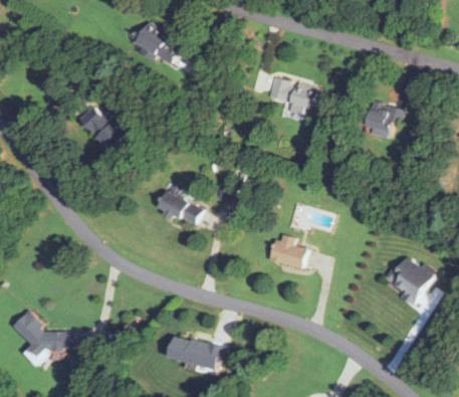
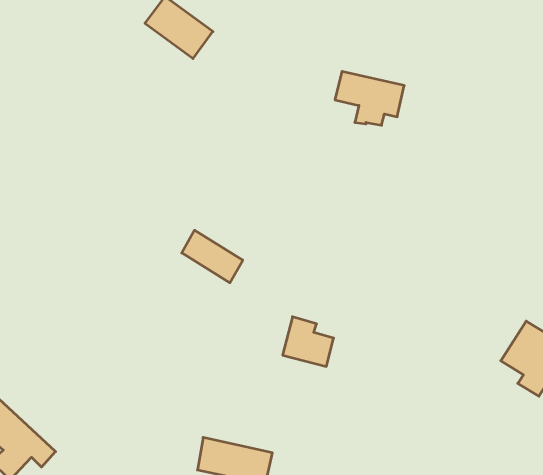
building: [365,101,401,139] -> none
building: [79,105,128,153] -> none
building: [269,233,305,268] -> [283,317,334,366]

